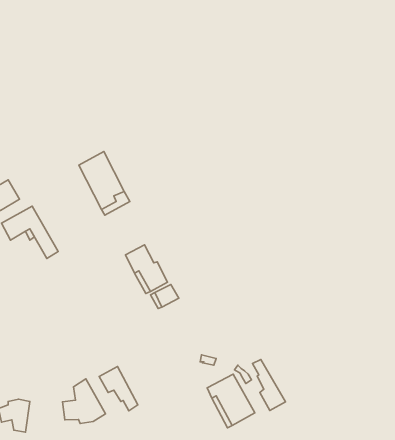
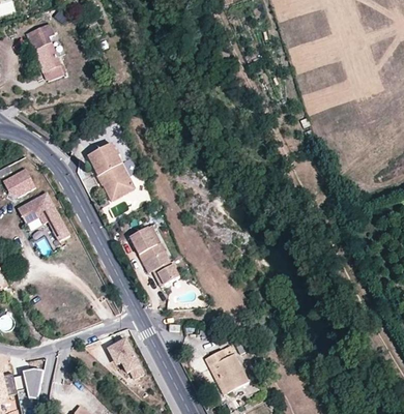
building: none -> [27,23,64,80]
building: [252,359,285,410] -> none
building: [62,379,105,423] -> none

